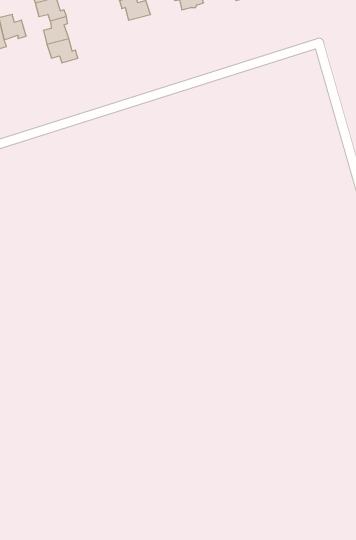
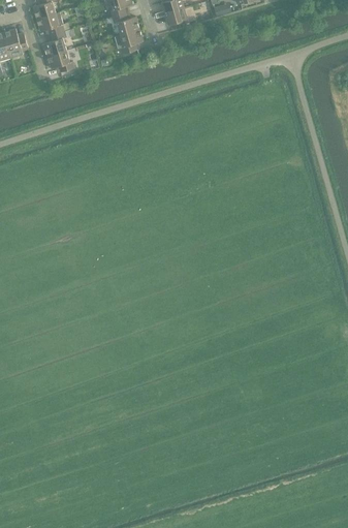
building: none -> [114,29,143,54]

